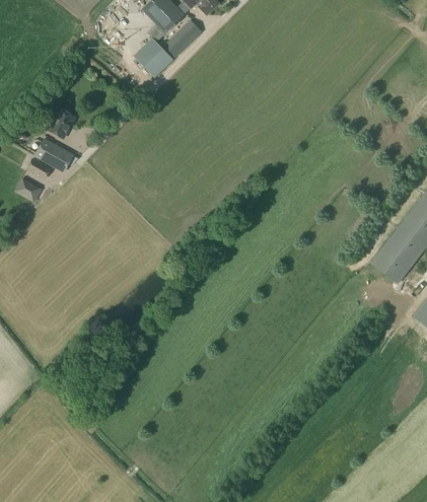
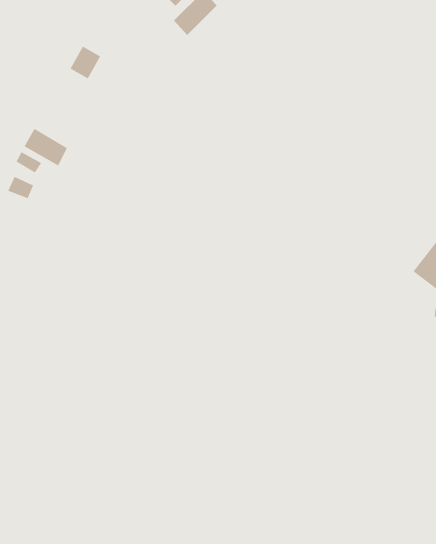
building: [135,37,174,76] -> none
building: [47,109,74,138] -> [70,46,101,80]

